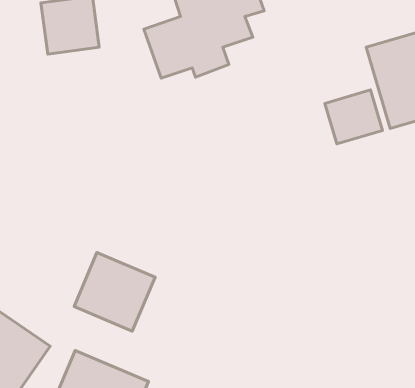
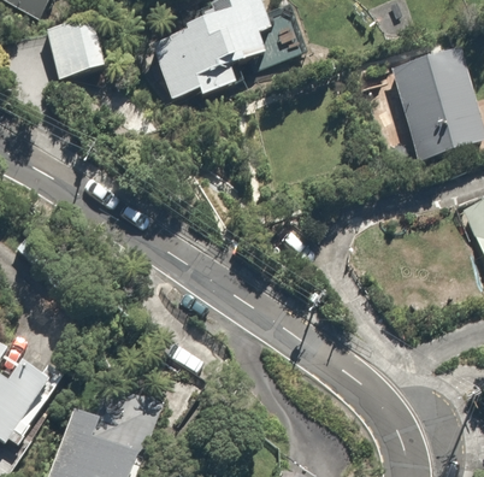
building: [325,90,382,144] -> none
building: [74,253,155,331] -> none

